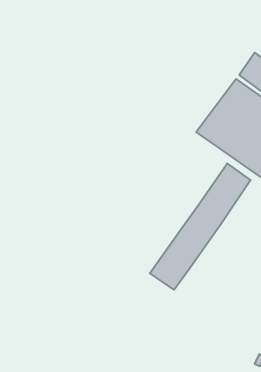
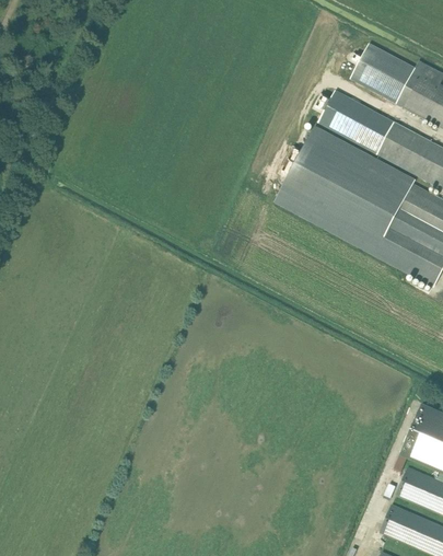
building: [150,163,251,290] -> none

